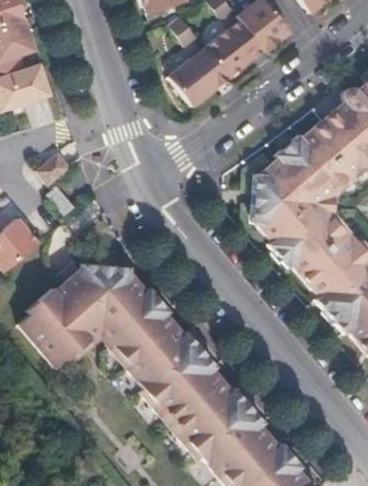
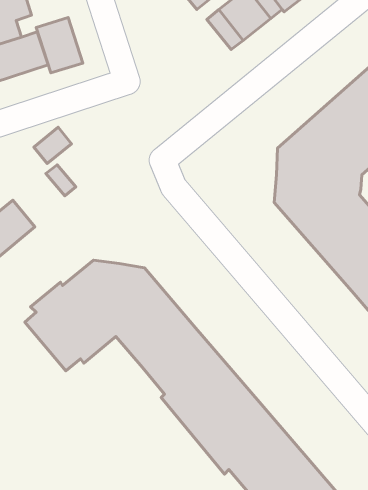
building: none -> [36,17,83,73]
building: [167,55,215,102] -> none

